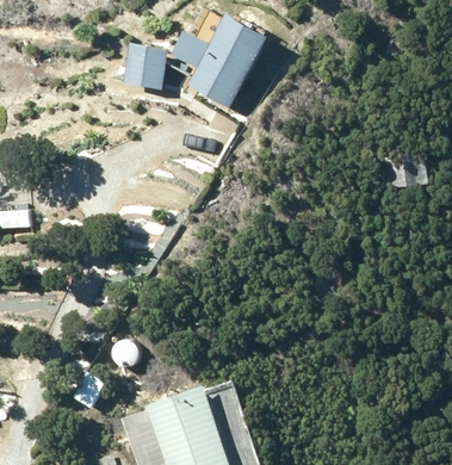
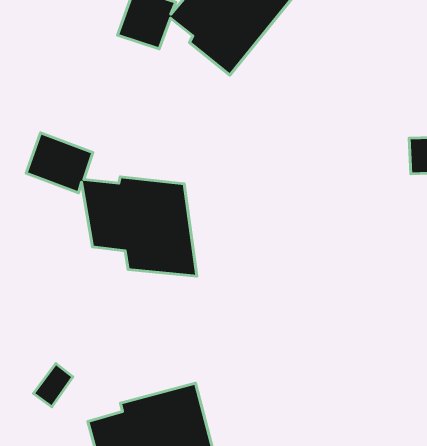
building: none -> [26,133,197,276]

